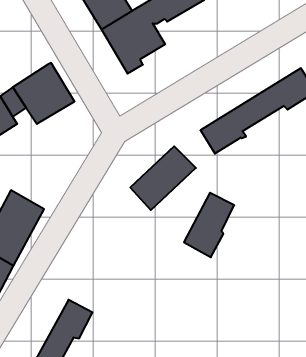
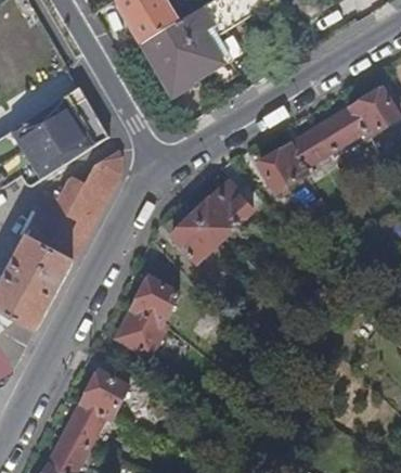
building: none -> [24,149,120,260]
building: [184,193,234,257] -> [118,277,179,355]

